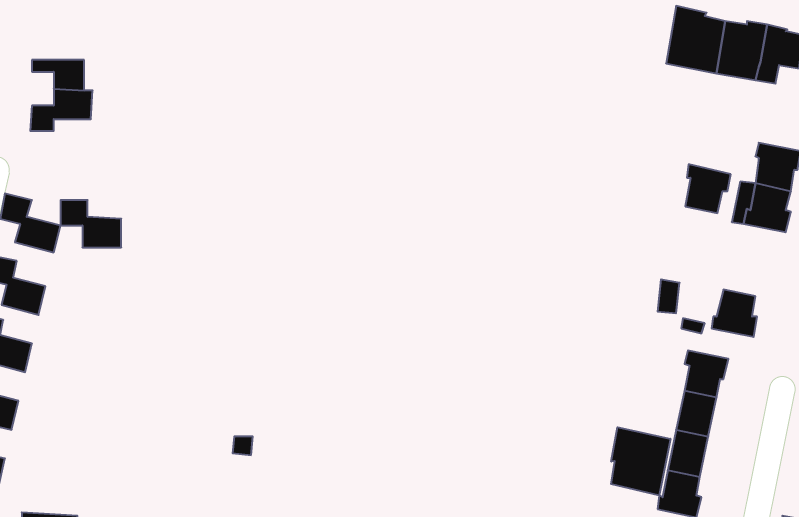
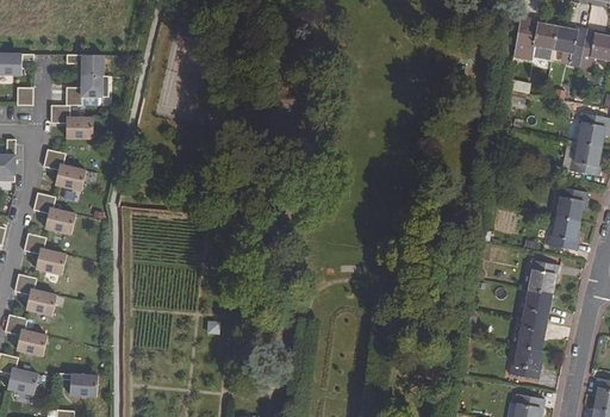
building: [685,164,731,213] -> [555,187,587,222]
building: [61,200,121,247] -> [51,105,94,138]
building: [611,427,670,496] -> none

